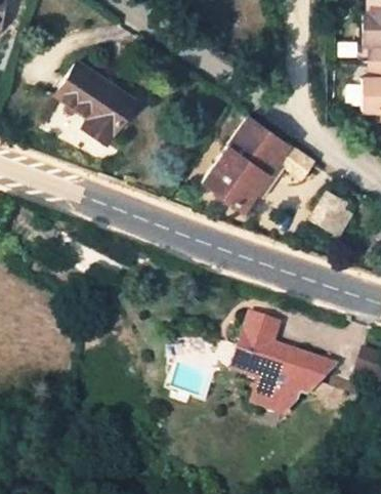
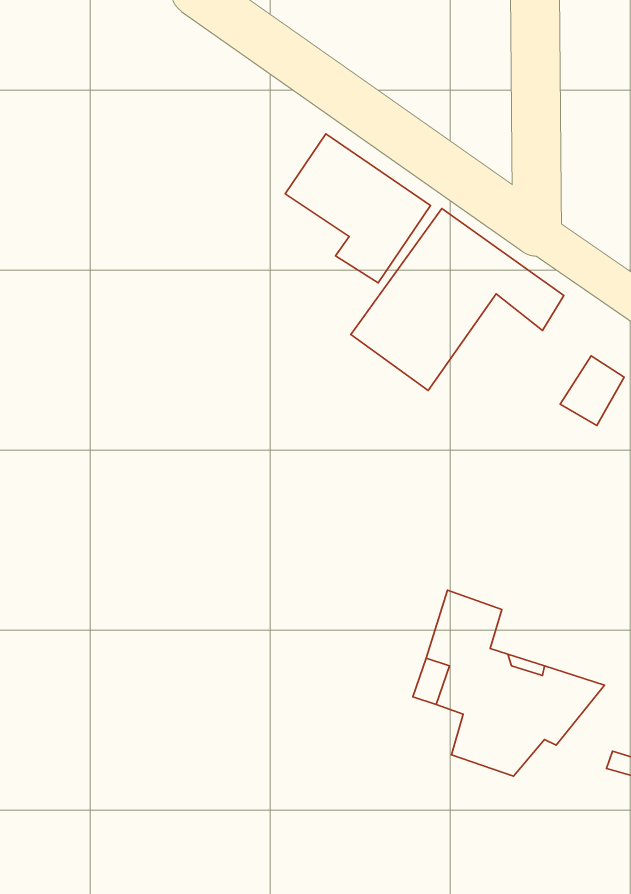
building: [56,63,133,141] -> [285,134,430,283]

